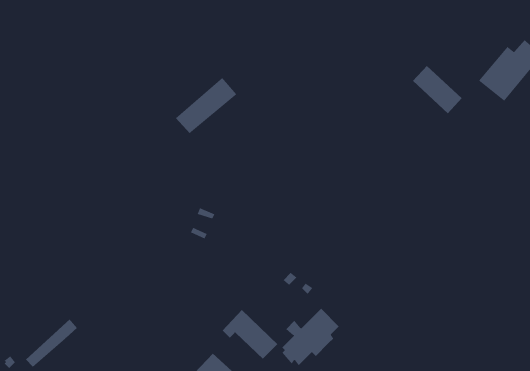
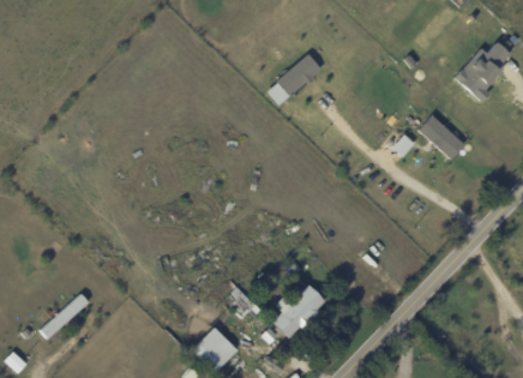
building: [412,65,462,114] -> [419,114,464,158]
building: [175,77,237,134] -> [265,53,321,104]

